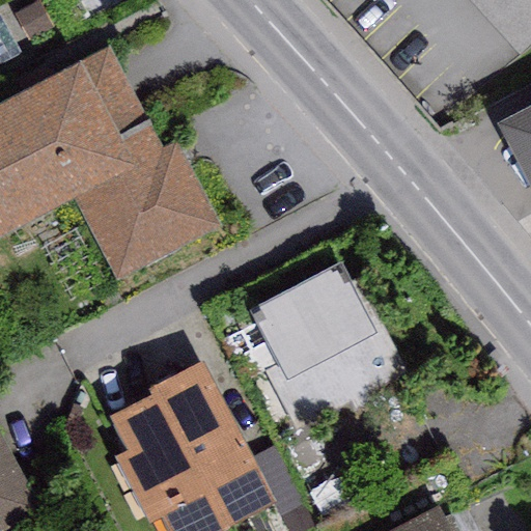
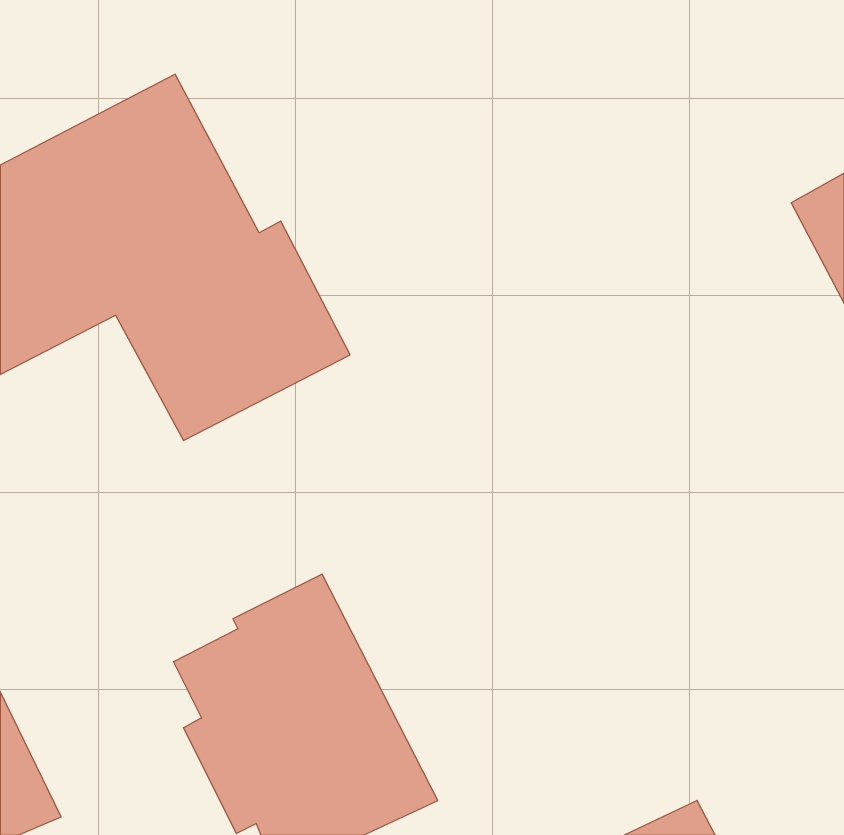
building: [249,262,408,429] -> none

